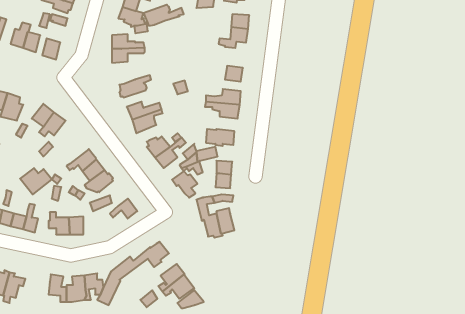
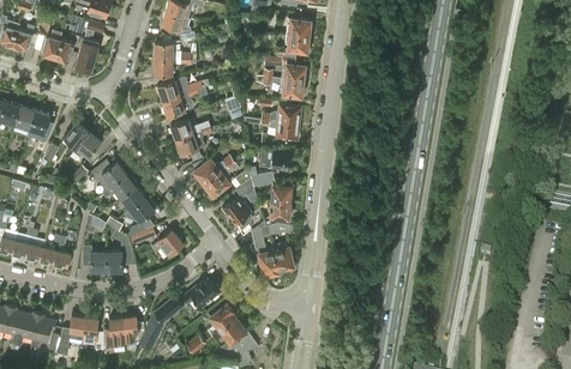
building: [144,5,184,26] -> [157,77,203,101]
building: none -> [265,56,306,81]
building: [20,168,52,194] -> [92,161,128,190]
building: none -> [56,315,85,353]

